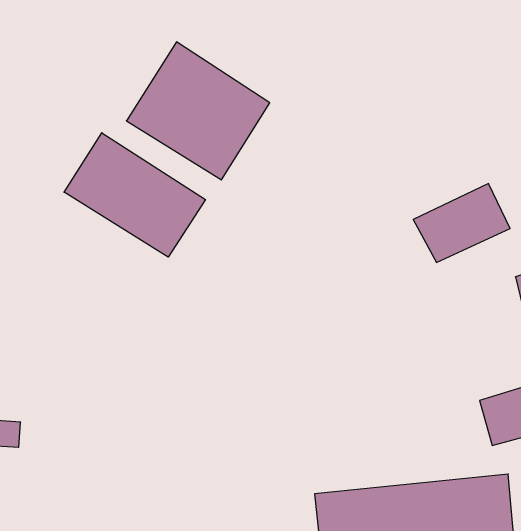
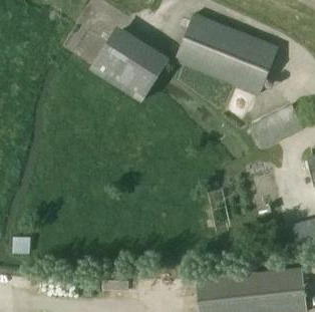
building: none -> [174,12,279,95]
building: [64,133,205,257] -> none

